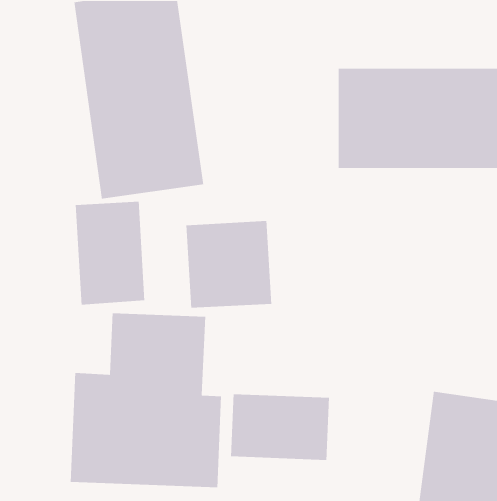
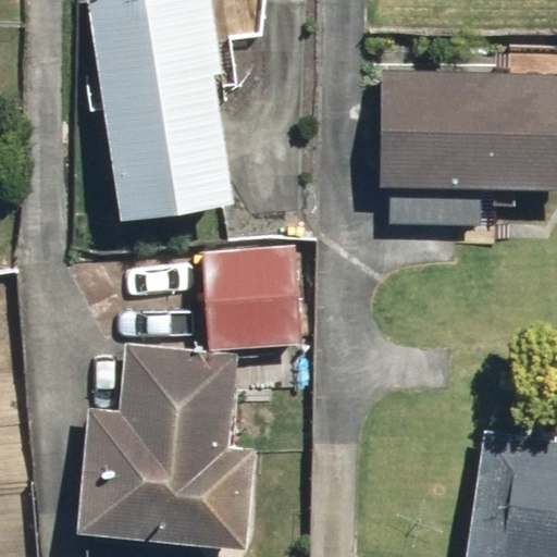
building: [75,201,145,306] -> none
building: [230,394,330,461] -> none

